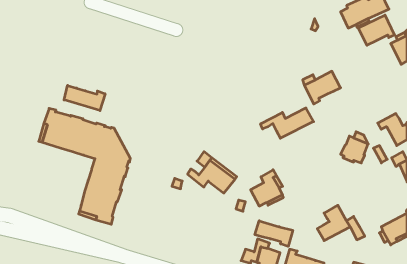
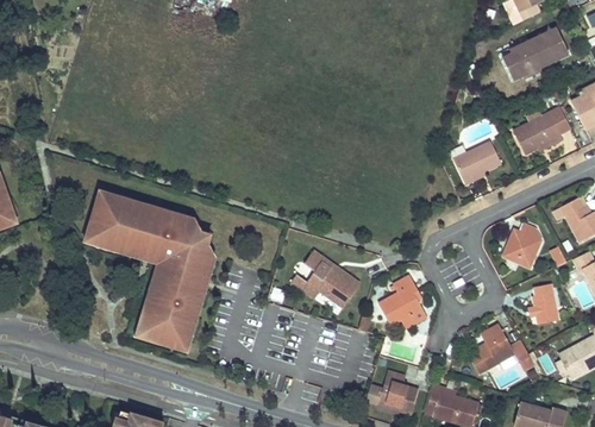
building: [358,15,395,45] -> [513,112,563,153]
building: [64,85,105,111] -> none
building: [261,108,314,138] -> none
building: none -> [528,283,558,324]
building: [255,221,293,246] -> none

